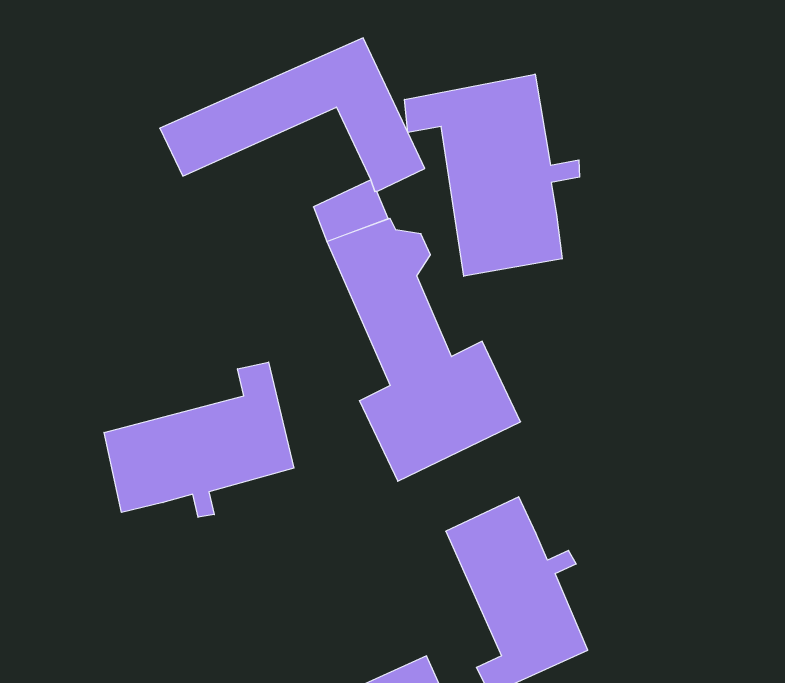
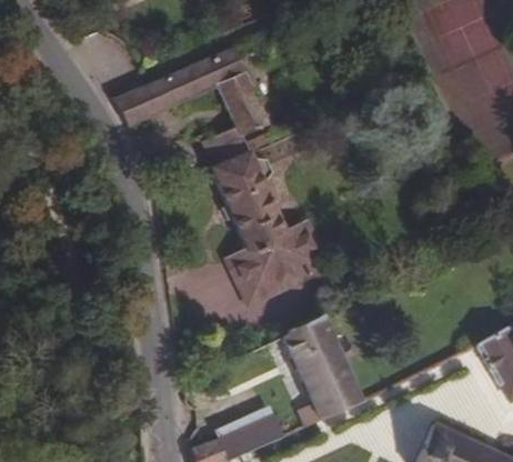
building: [405,74,580,276] -> none
building: [104,362,294,517] -> none

